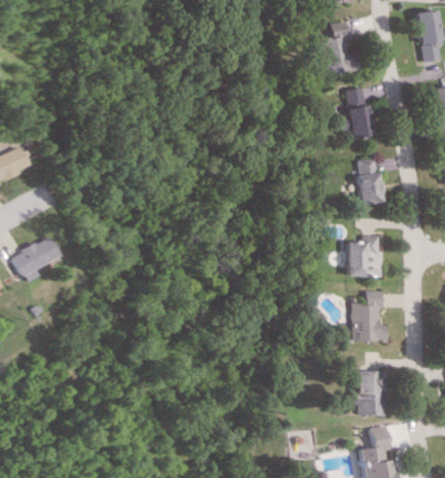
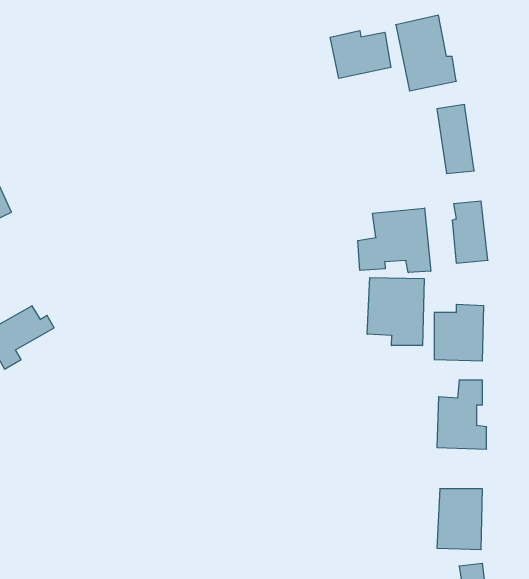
building: none -> [330,31,391,78]
building: none -> [358,208,431,273]
building: none -> [367,278,424,346]

